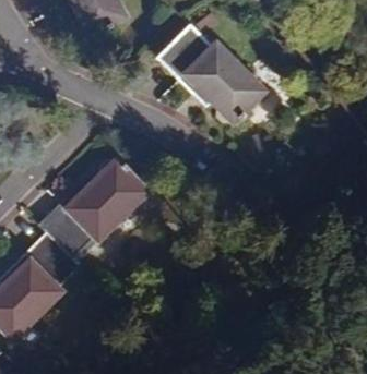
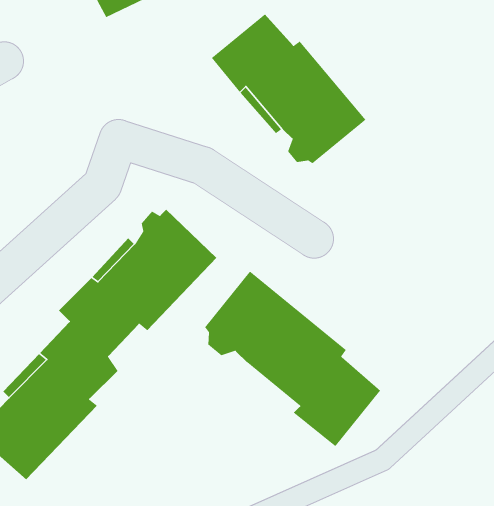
building: none -> [204,270,381,447]

